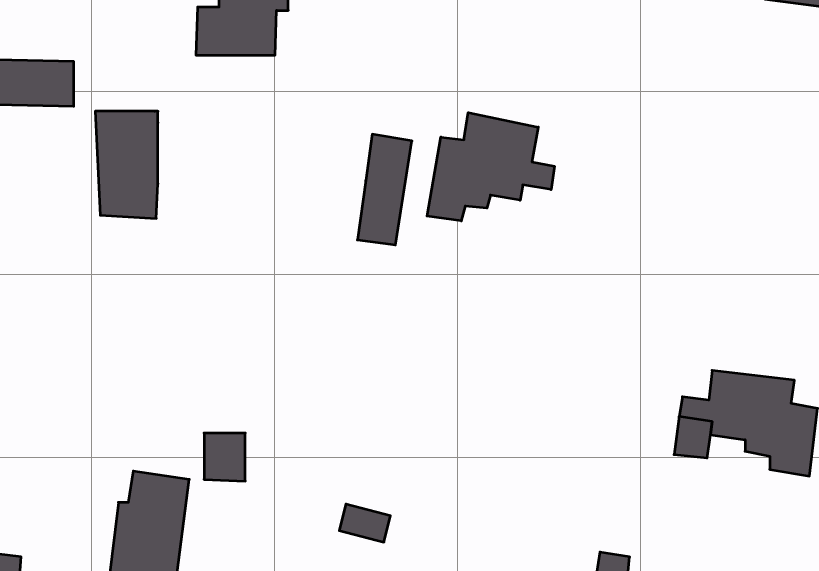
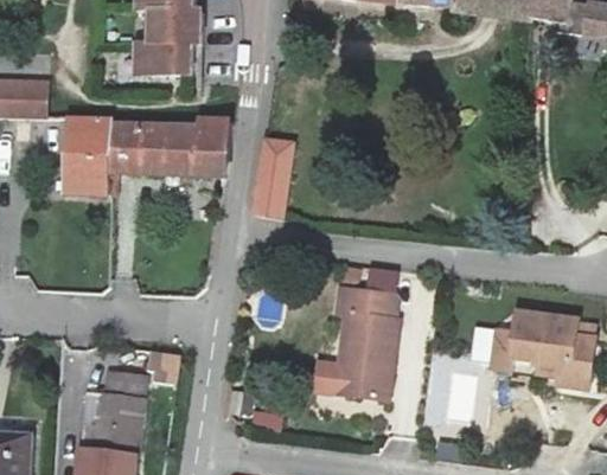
building: [427,113,554,221] -> none
building: none -> [116,118,236,172]
building: none -> [327,280,388,393]

